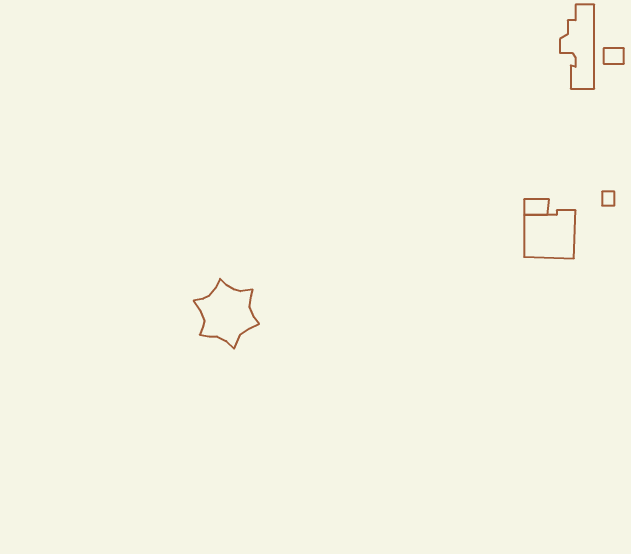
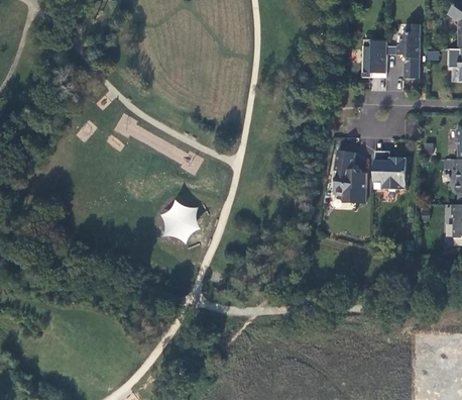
building: none -> [363,40,386,73]
building: none -> [333,149,366,204]

